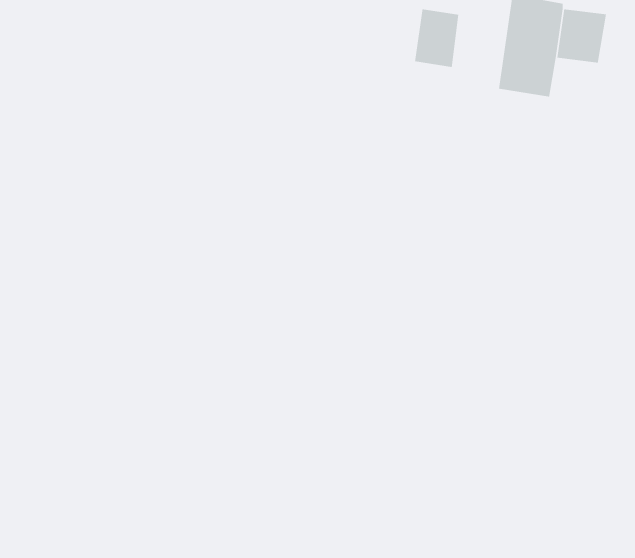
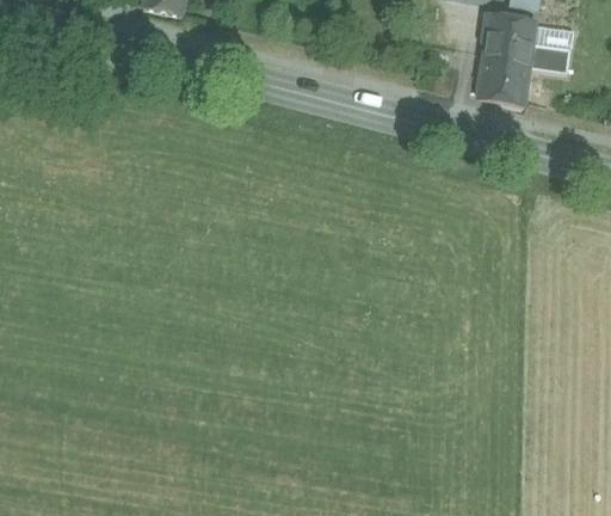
building: [414,8,459,68] -> none

